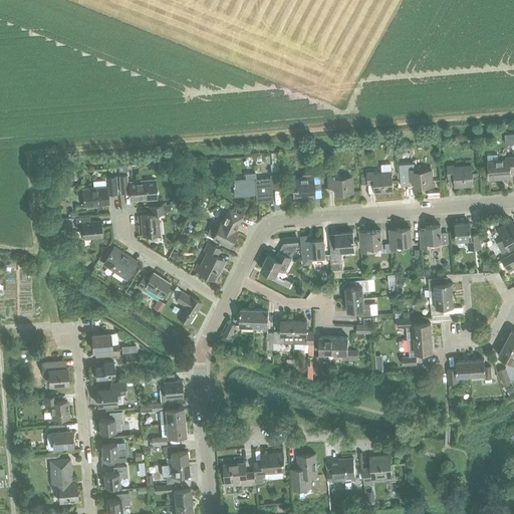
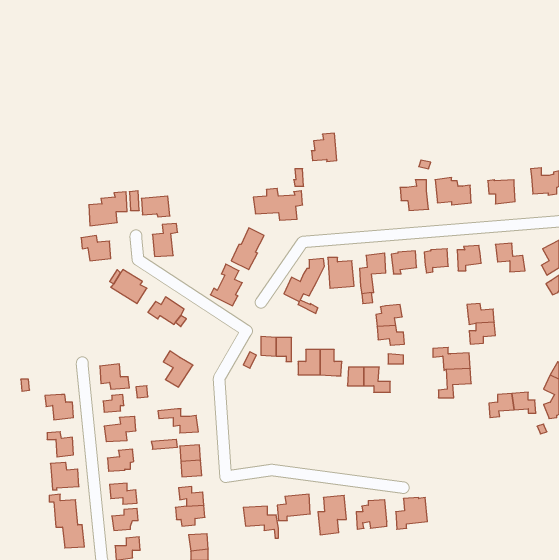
building: [291,173,314,199] -> [311,133,337,162]
building: [326,175,352,194] -> none
building: [174,290,201,323] -> [163,351,193,387]

